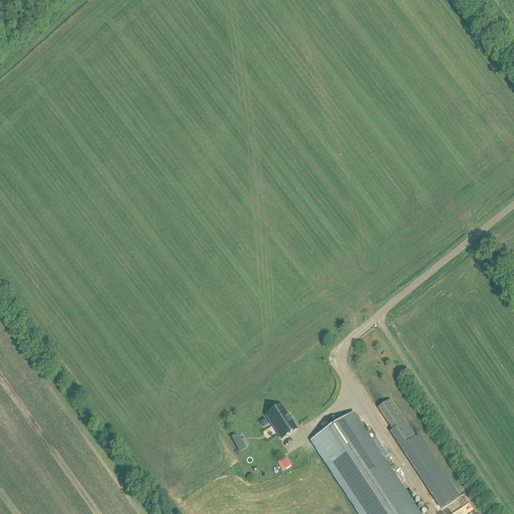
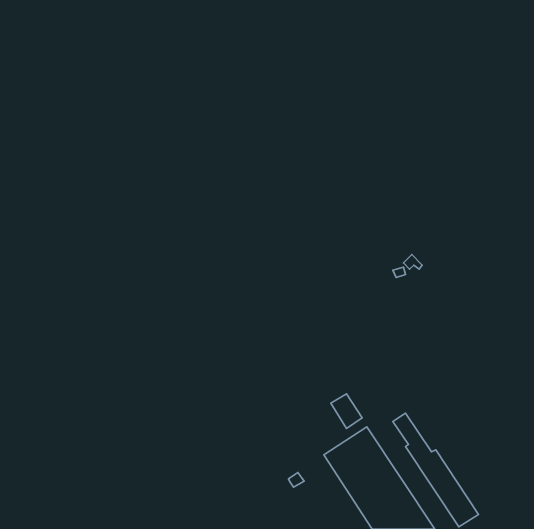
building: [266,404,296,437] -> [331,394,362,428]

